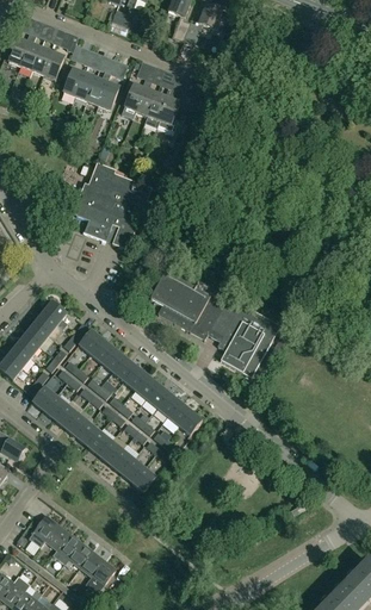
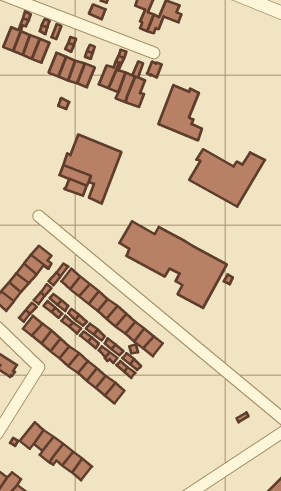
building: none -> [159,85,202,140]
building: none -> [189,149,265,207]

